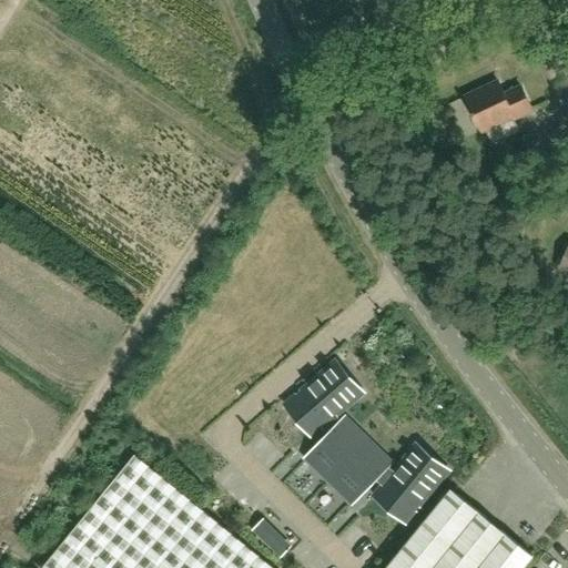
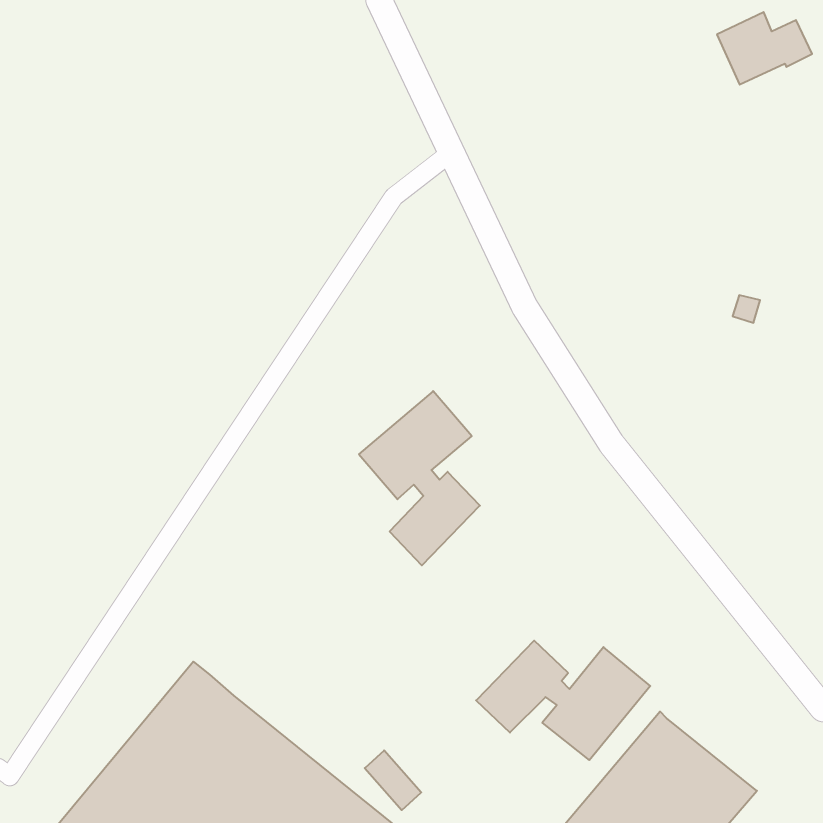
building: [465,83,530,133] -> [717,12,812,85]
building: [284,363,367,483] -> [359,391,480,565]

